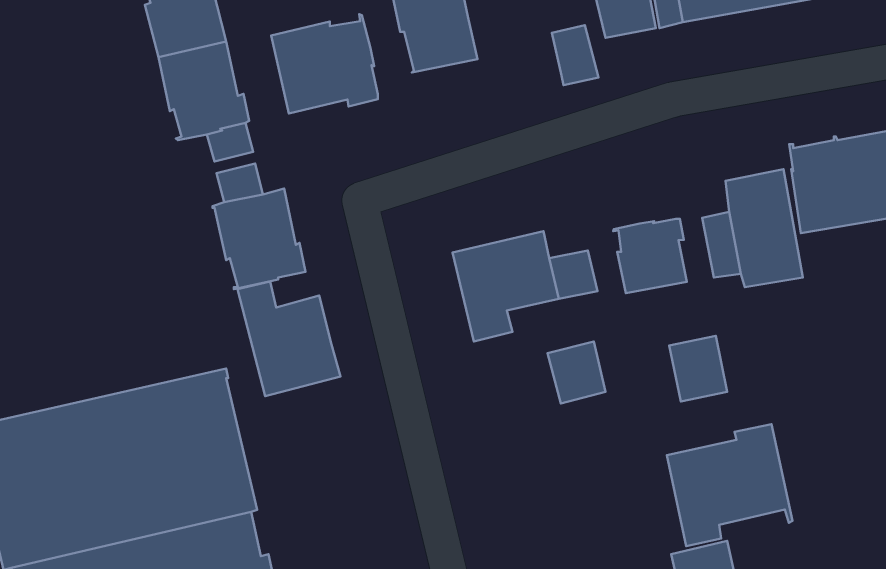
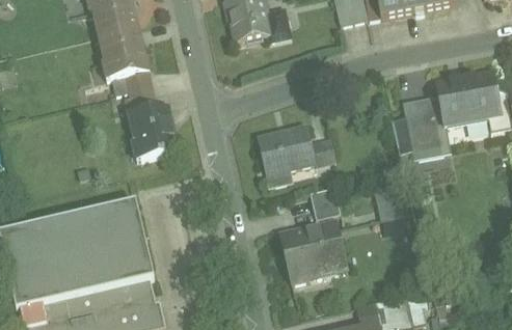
building: [271,14,378,114] -> none
building: [552,25,598,85] -> [266,8,291,40]
building: [613,219,687,293] -> none
building: [238,281,340,396] -> none
building: [667,424,793,546] -> [280,220,348,285]

